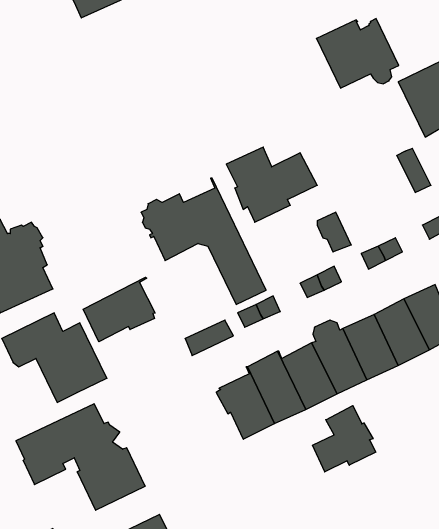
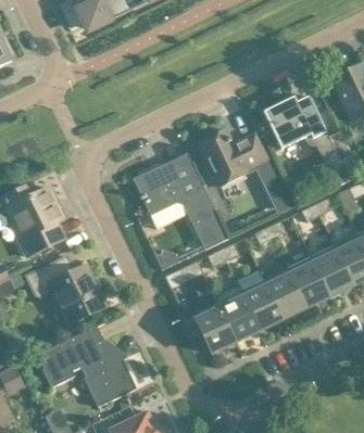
building: [316,19,399,88] -> [263,94,326,148]
building: [83,277,155,342] -> none
building: [312,406,376,472] -> none

